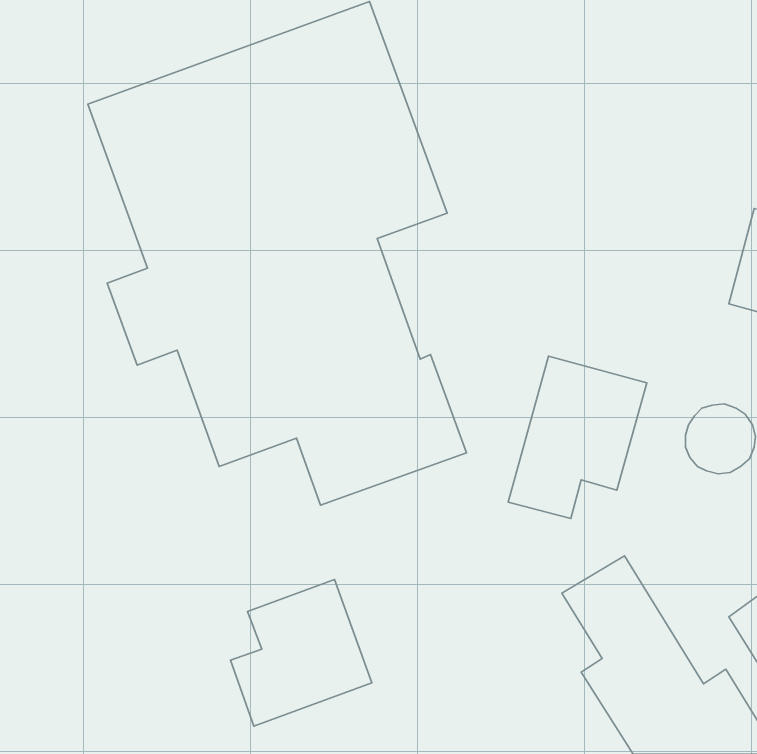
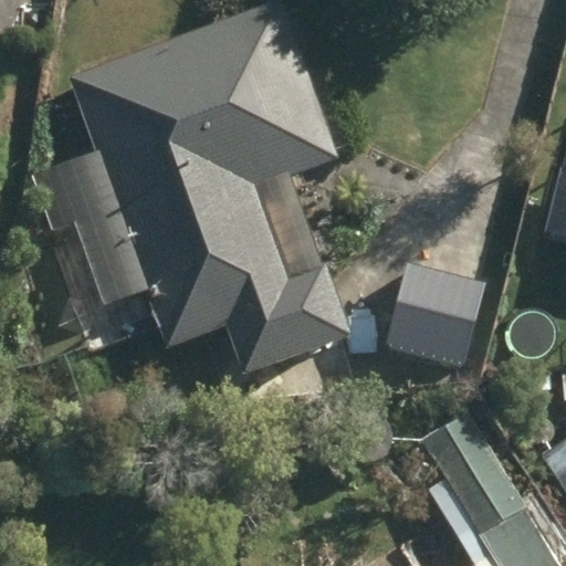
building: [230,580,372,726] -> none

